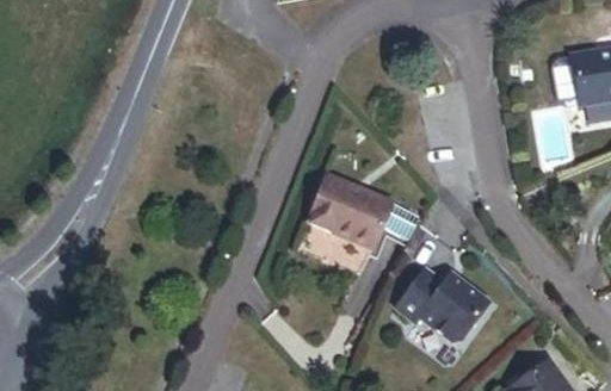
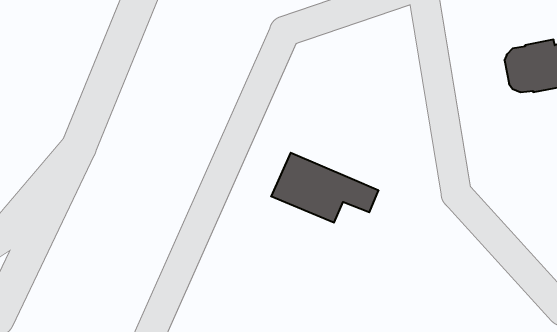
building: [396,273,485,345] -> none

